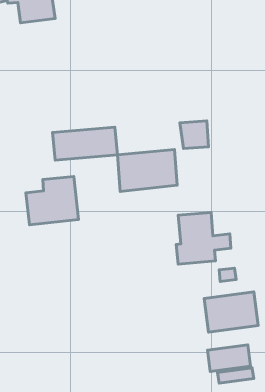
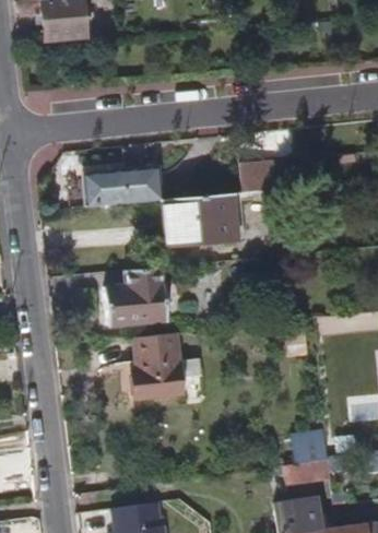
building: [26,177,78,225] -> [103,269,167,328]
building: [176,213,231,264] -> [134,333,201,396]
building: [204,292,258,332] -> none

